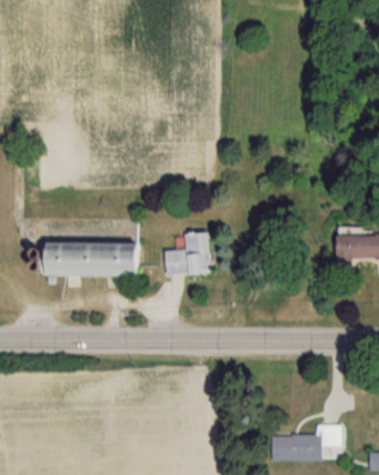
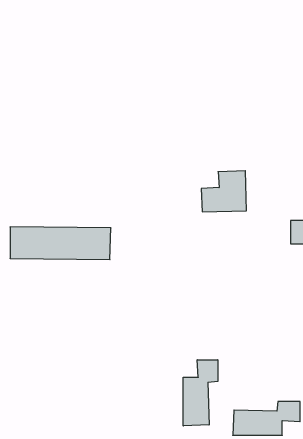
building: [163,231,211,275] -> [201,171,246,212]
building: none -> [183,360,218,426]

